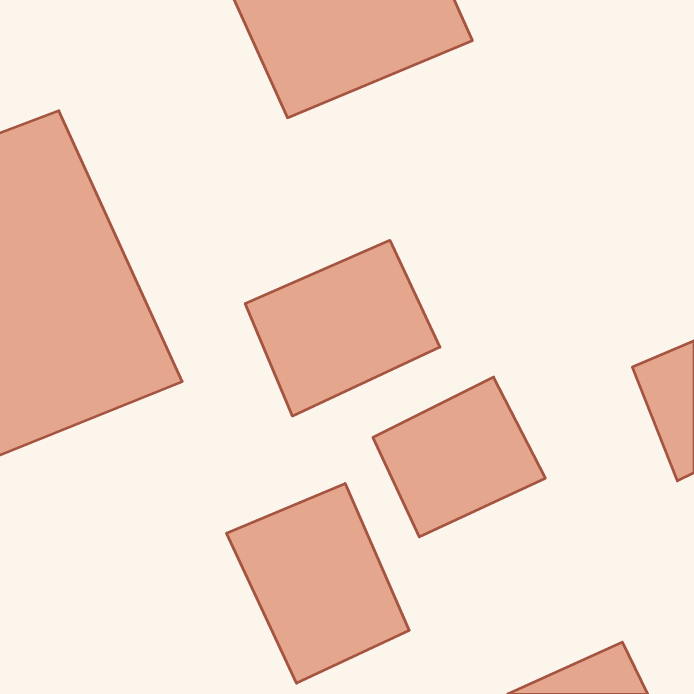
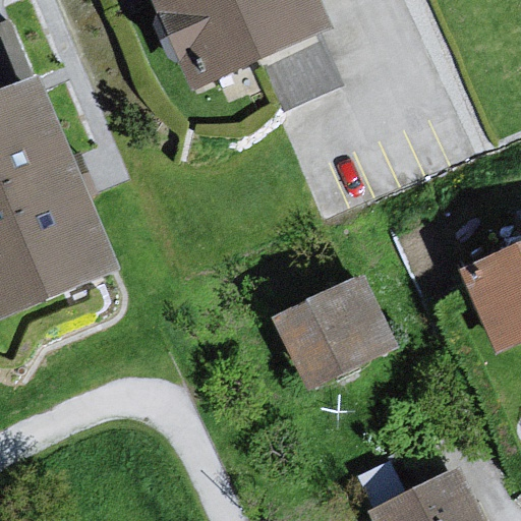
building: [245,240,440,416] -> none
building: [227,483,409,683] -> none

